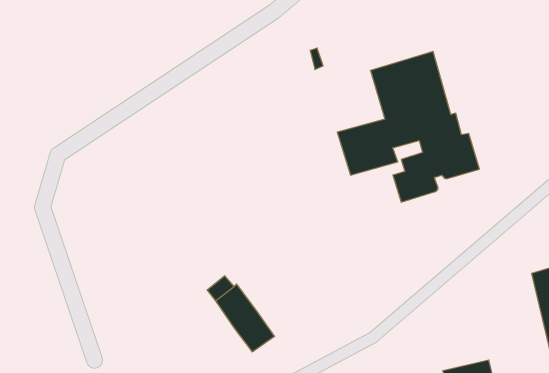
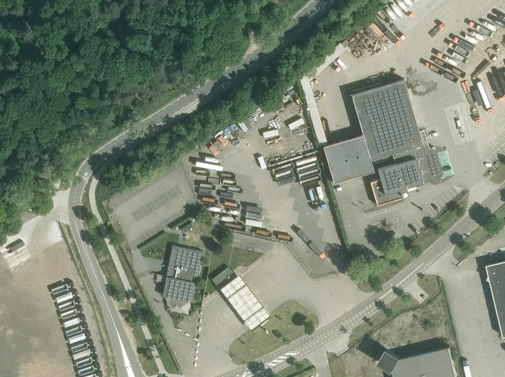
building: none -> [156,247,202,304]

